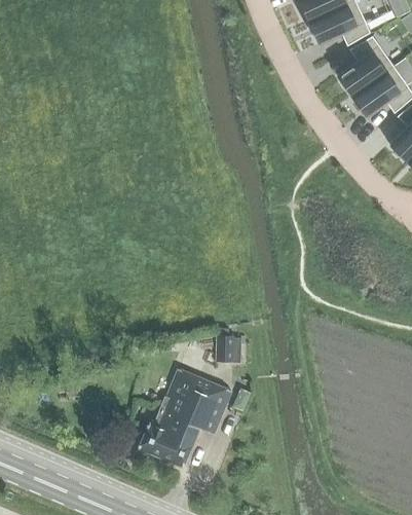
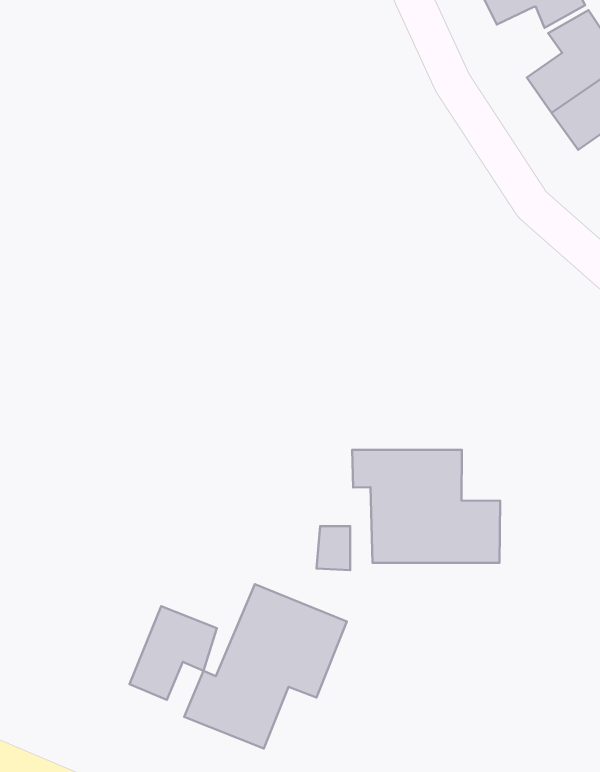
building: none -> [352,450,500,563]
building: none -> [130,606,217,700]

